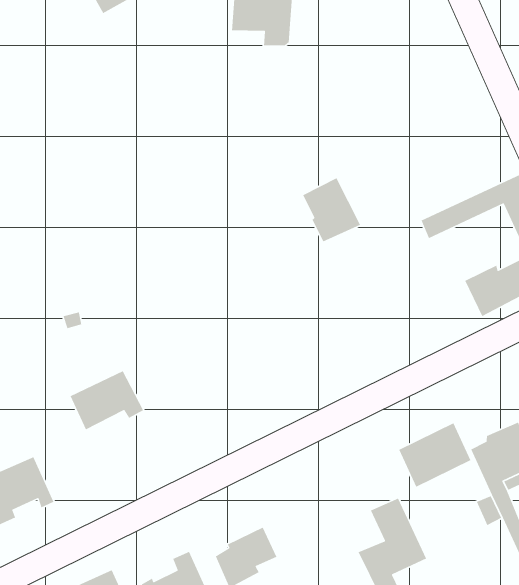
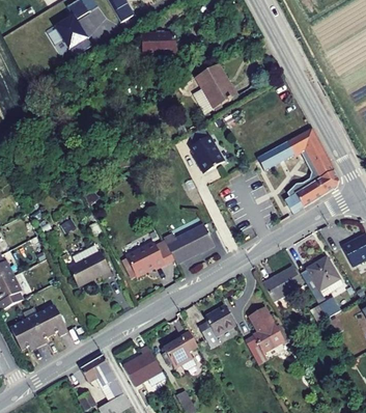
building: none -> [199,61,242,111]
building: none -> [168,217,220,258]
building: none -> [131,238,171,273]
building: none -> [194,308,231,352]

